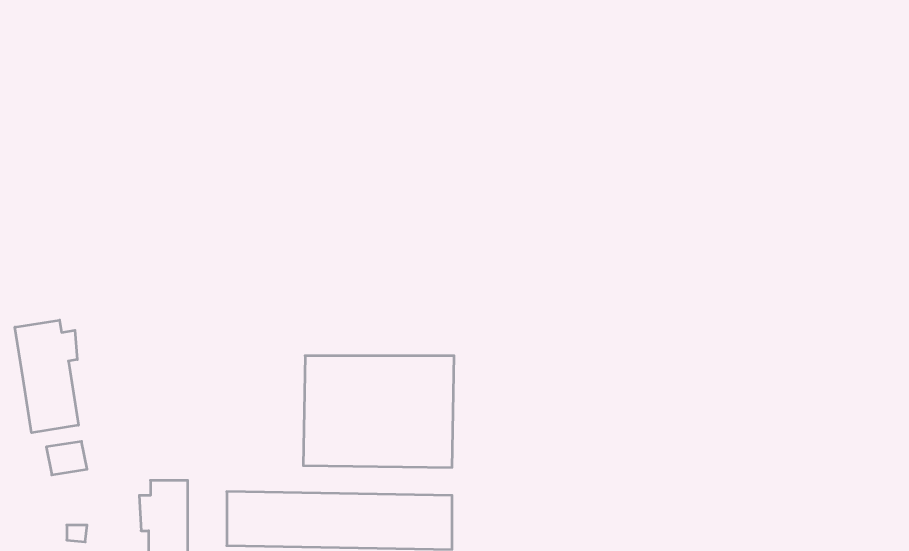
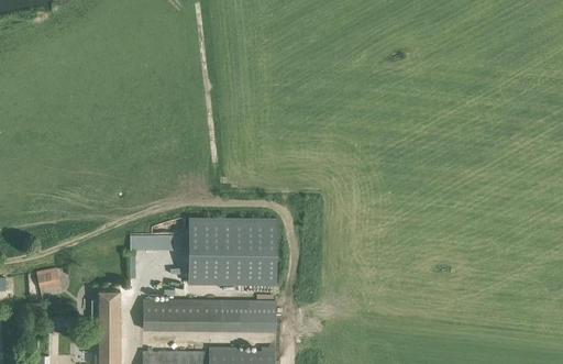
building: [15,320,78,433] -> none
building: none -> [131,233,175,249]

